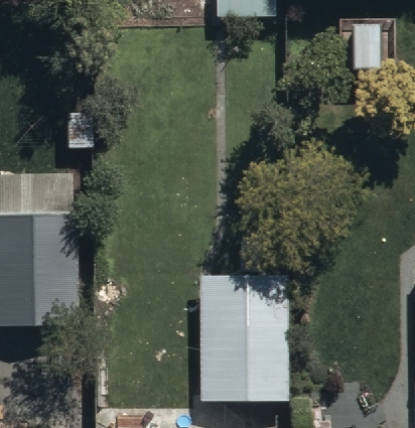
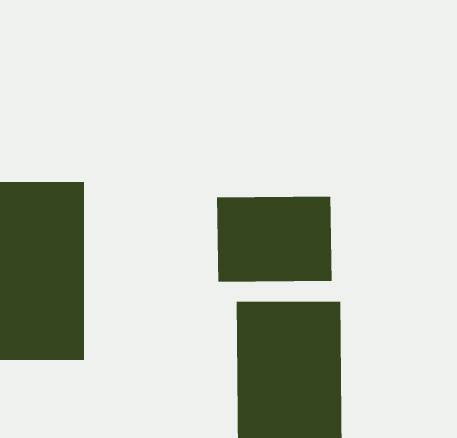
building: none -> [217,196,332,282]

